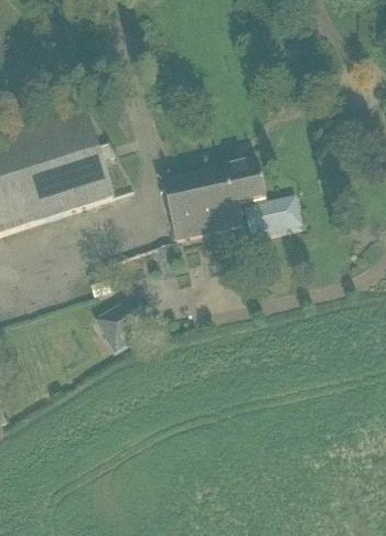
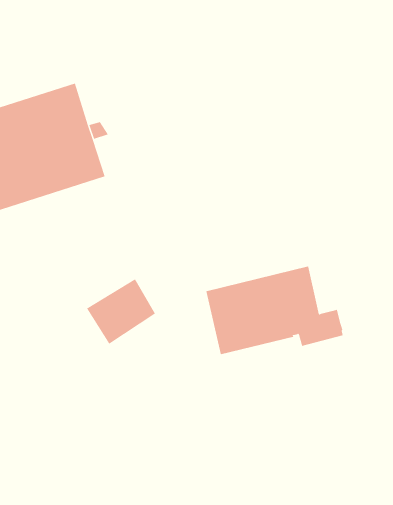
building: [163,158,290,239] -> [206,266,344,355]

